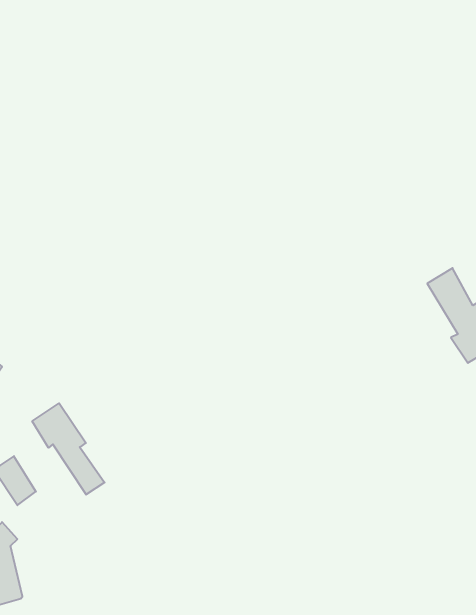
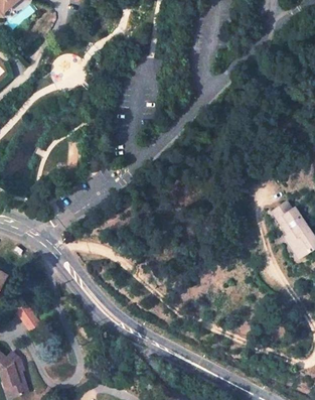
building: [32,403,105,495] -> none

